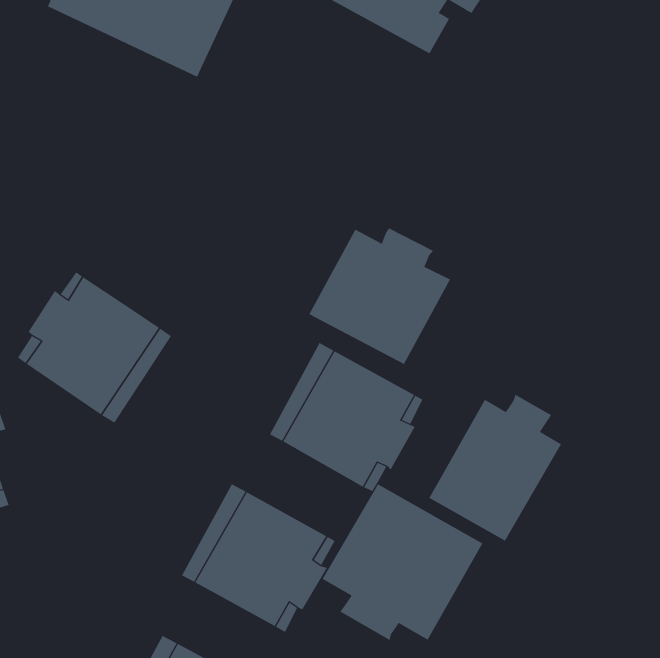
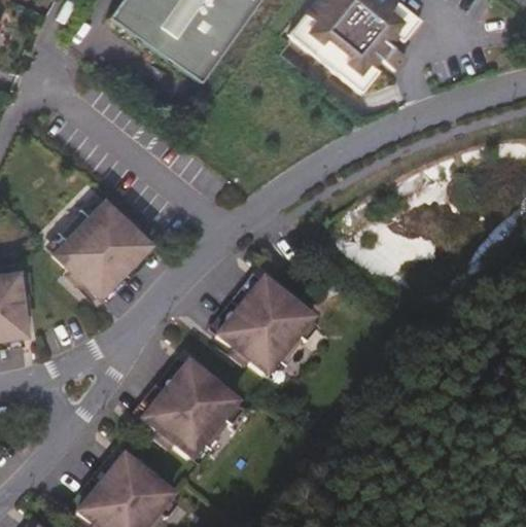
building: [308,228,451,365] -> none
building: [428,394,562,542] -> none
building: [322,483,483,641] -> none

